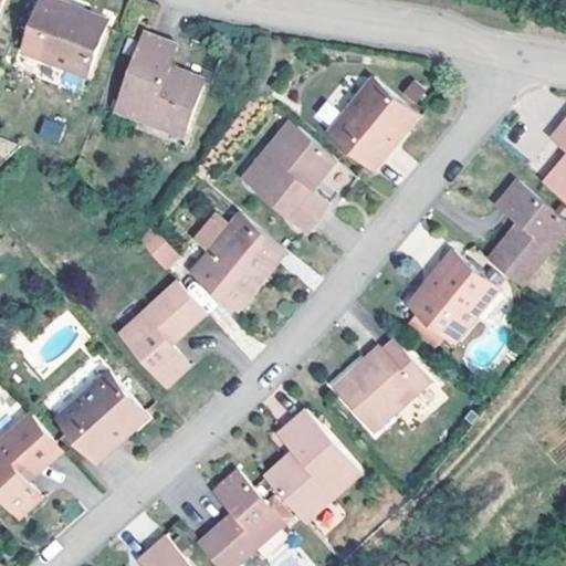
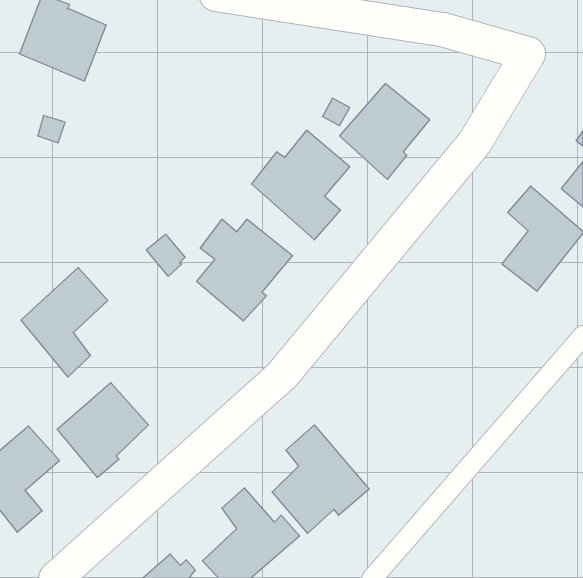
building: [113,32,201,128] -> none
building: [405,252,499,346] -> none
building: [119,282,203,388] -> [21,267,108,377]
building: [329,342,428,433] -> none

